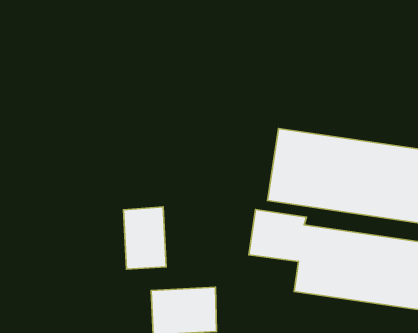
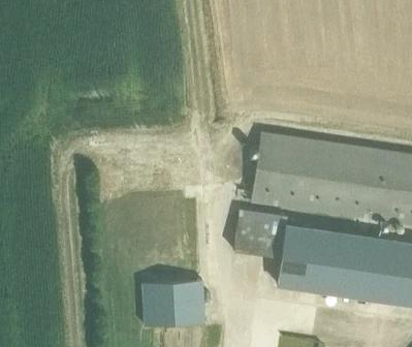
building: [123,207,166,269] -> none

